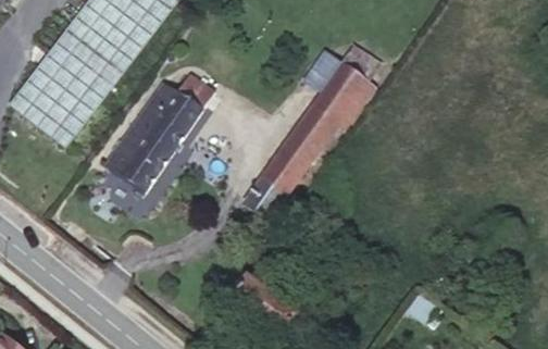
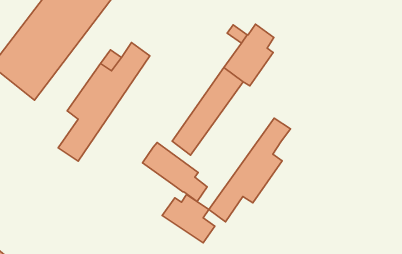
building: none -> [209,118,290,222]
building: none -> [142,143,207,202]

